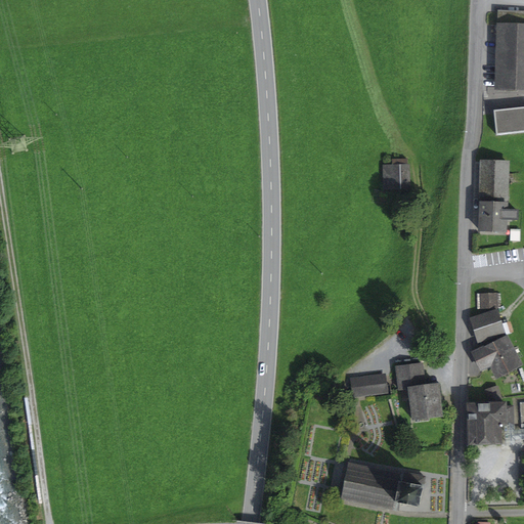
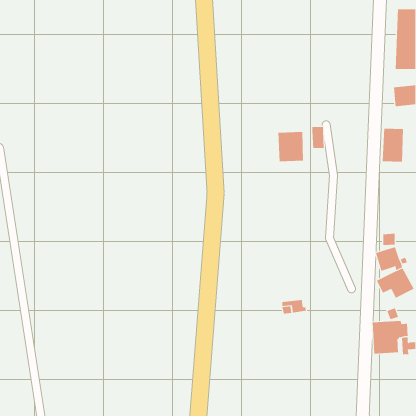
building: none -> [278,131,303,162]
building: [479,203,517,230] -> none
building: [395,363,440,422] -> none
building: [341,464,424,509] -> none

